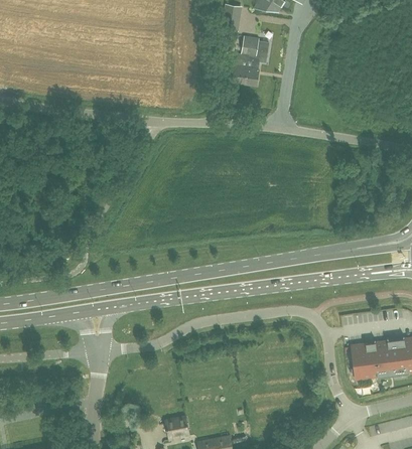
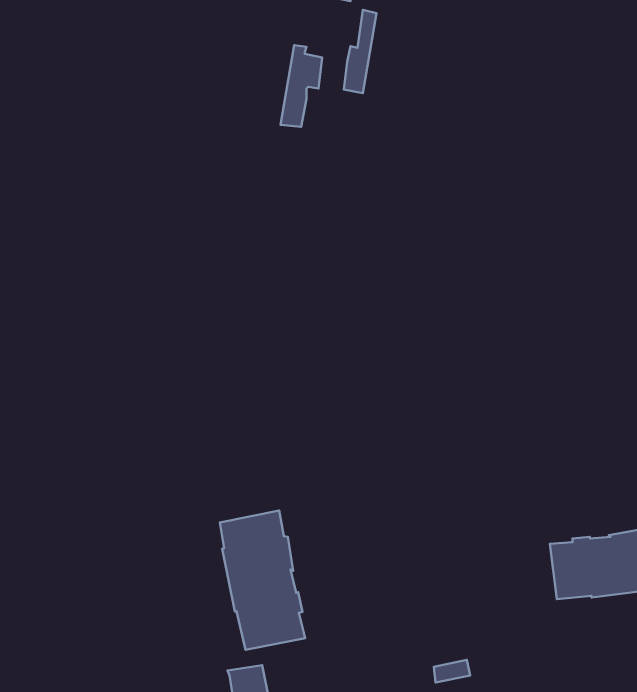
building: [243,37,267,85] -> [280,45,322,127]
building: none -> [220,510,305,650]

